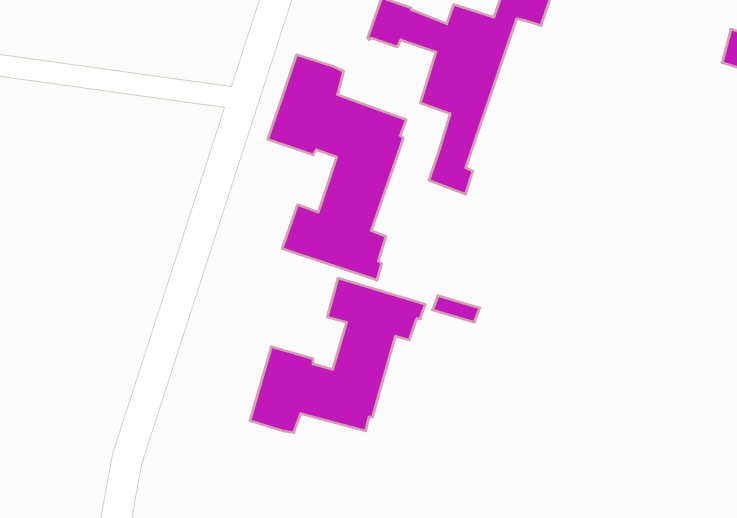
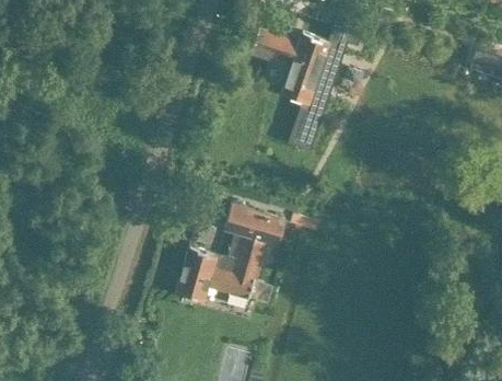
building: [268,55,406,280] -> none

